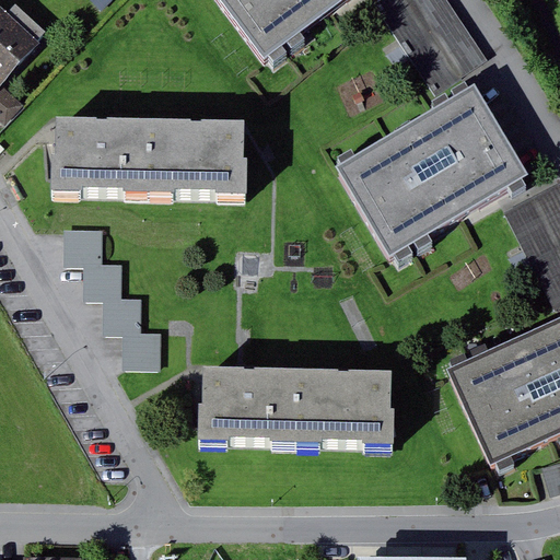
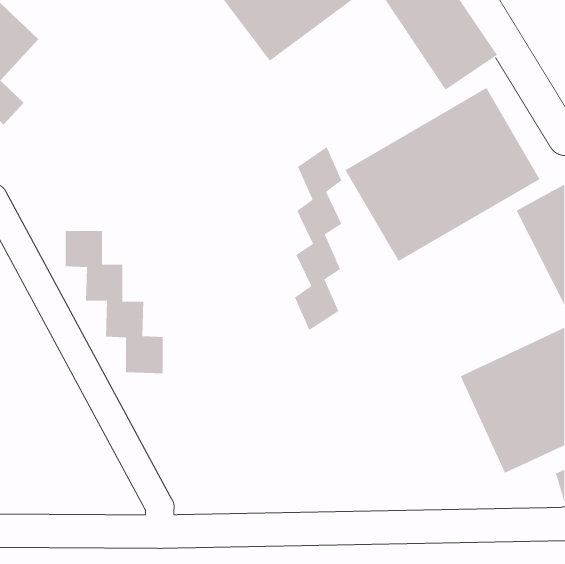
building: [50,121,248,199] -> none
building: none -> [294,146,342,331]
building: [200,368,398,445] -> none

